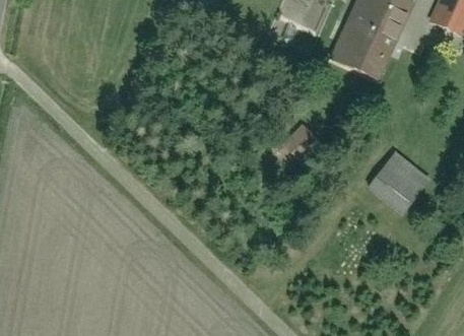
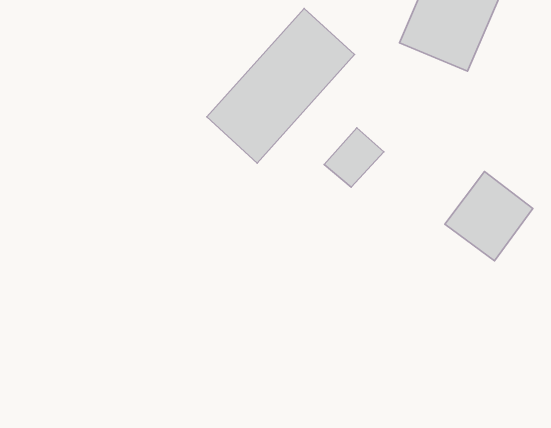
building: none -> [207,8,354,163]

